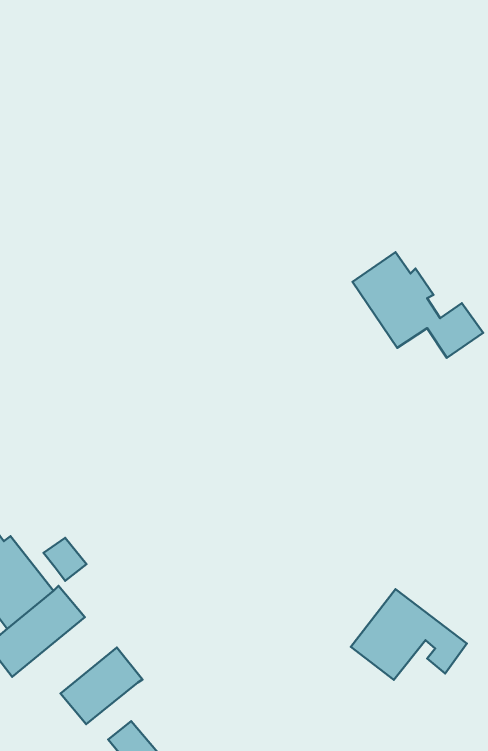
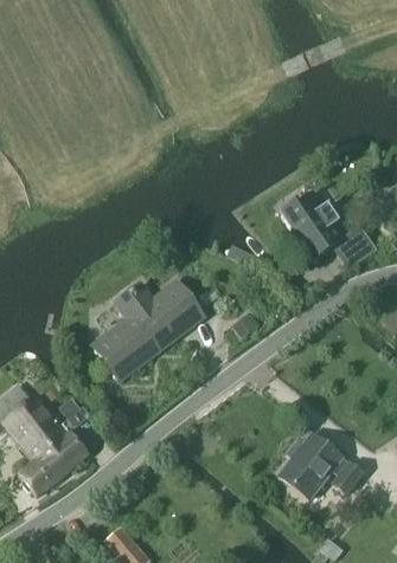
building: none -> [92,282,201,380]
building: [61,648,143,724] -> none

